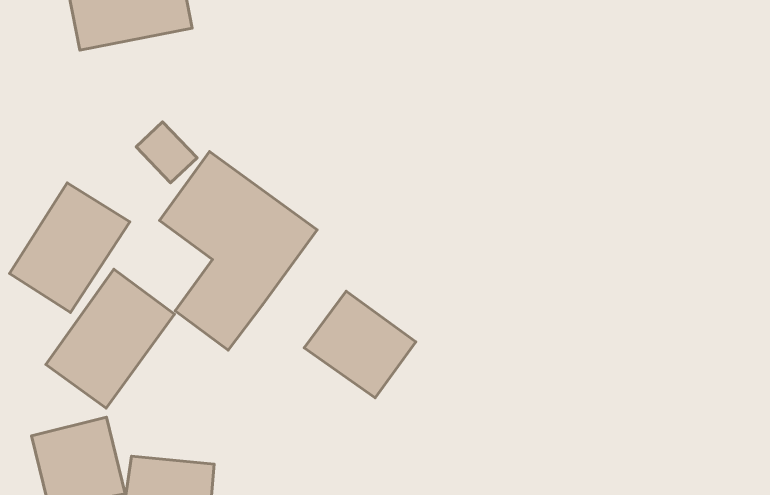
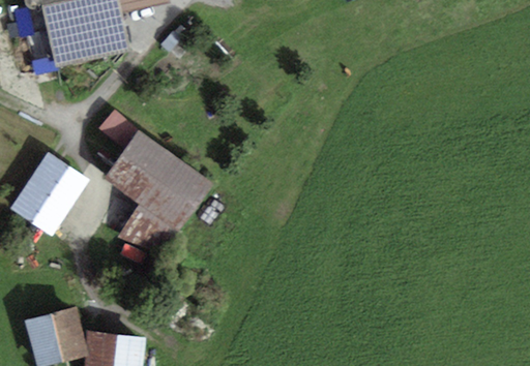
building: [46,269,175,408] -> none
building: [304,291,416,398] -> none

